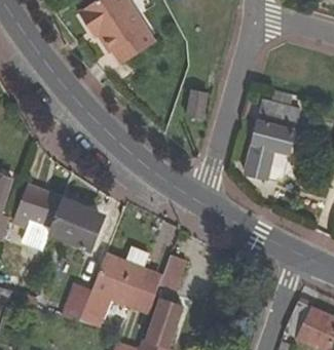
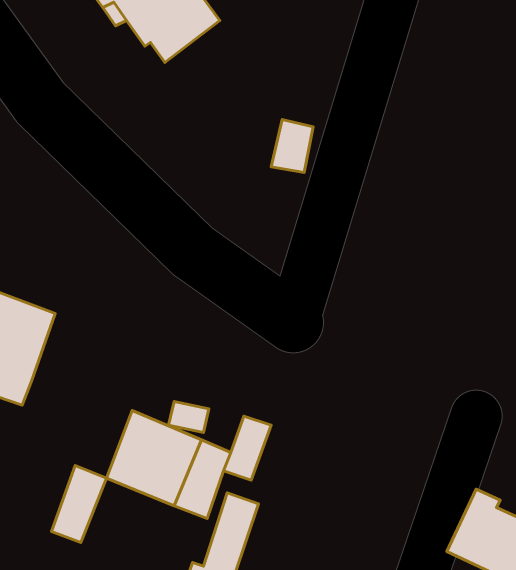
building: [245,101,300,179] -> none
building: [49,198,103,250] -> none

